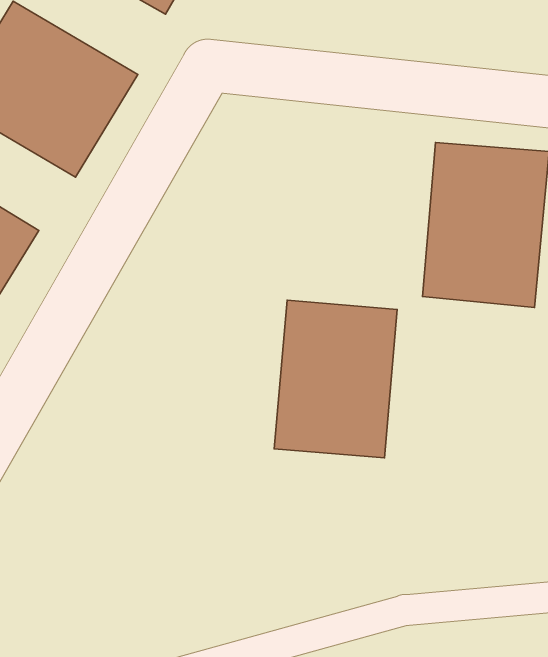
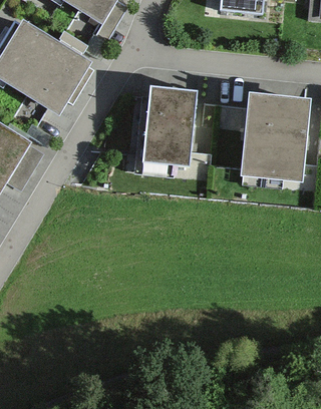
building: [274,300,397,458] -> [134,82,202,168]

